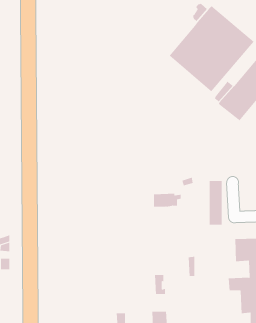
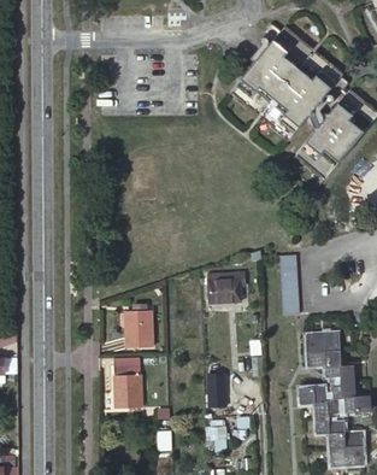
building: none -> [124,310,152,347]
building: none -> [112,356,139,406]

